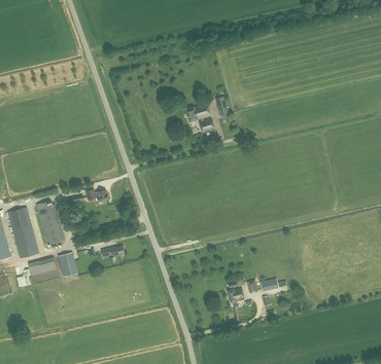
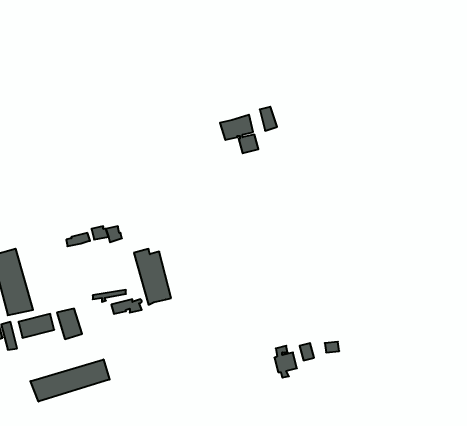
building: [35,201,64,244] -> [134,249,171,305]
building: none -> [30,359,110,402]

